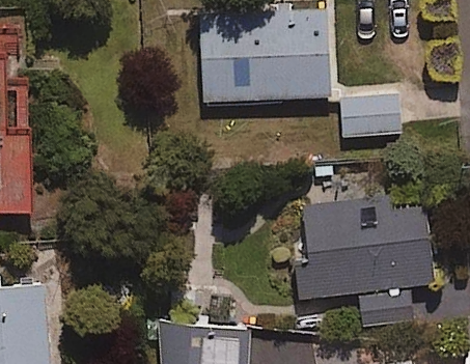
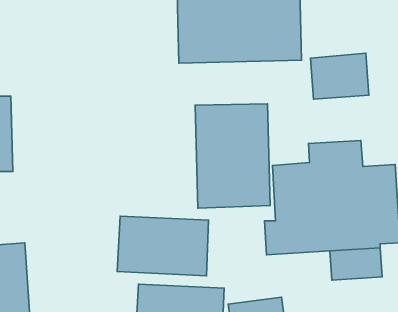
building: none -> [195,104,270,208]
building: none -> [117,216,208,276]

